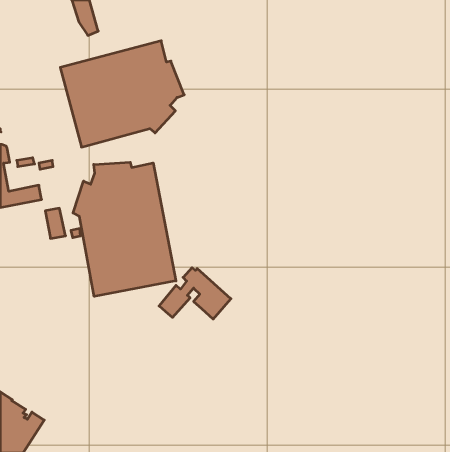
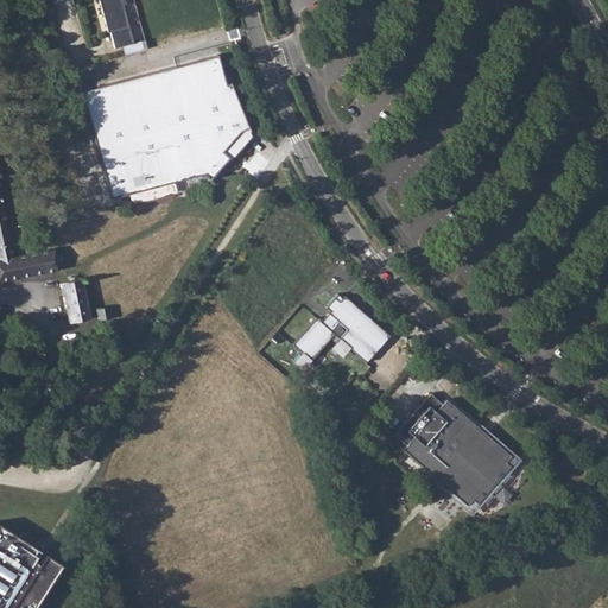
building: [73,162,176,296] -> none
building: [159,268,231,319] -> [296,294,392,363]
building: none -> [397,393,513,506]

